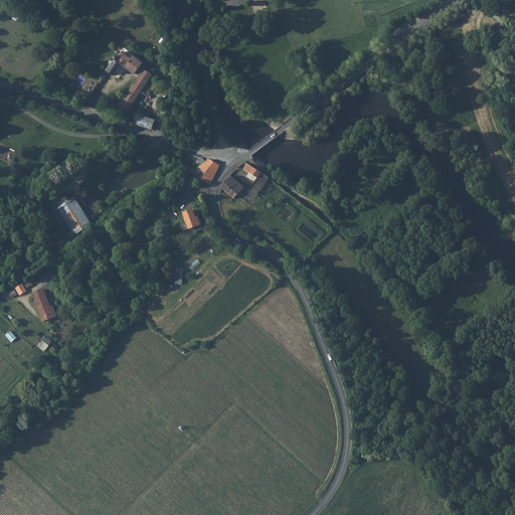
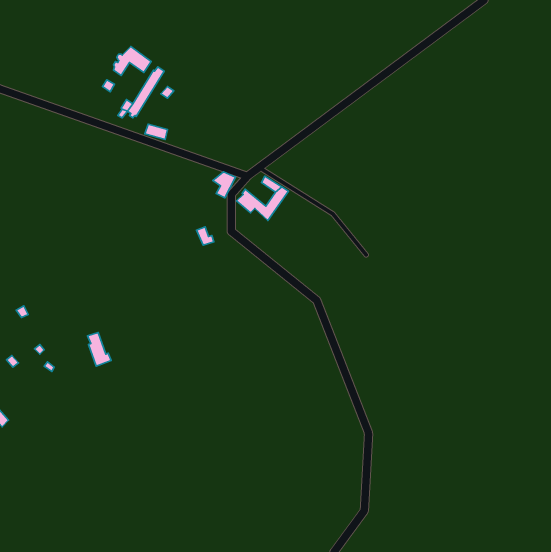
building: [56,198,89,234] -> none
building: [34,291,56,322] -> [88,333,111,366]

